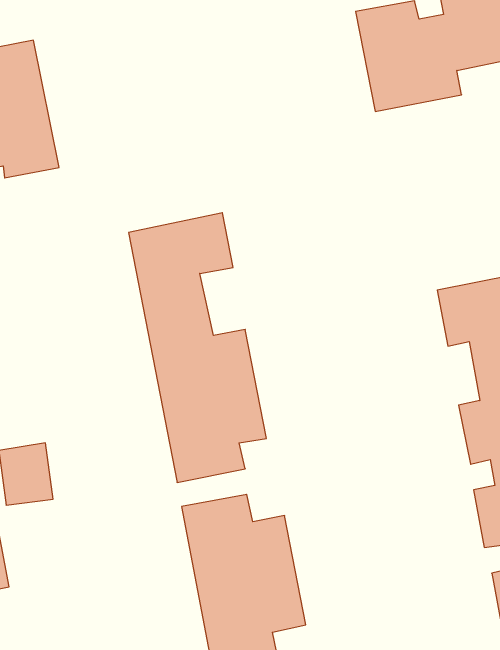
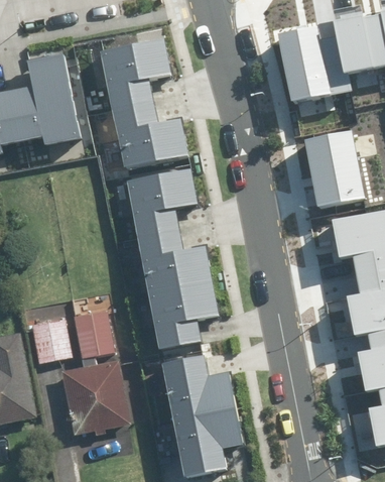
building: none -> [98,37,186,166]
building: none -> [302,130,362,205]
building: none -> [78,311,118,359]
building: none -> [66,361,133,435]

